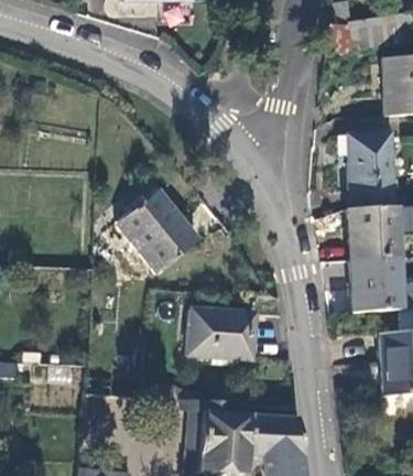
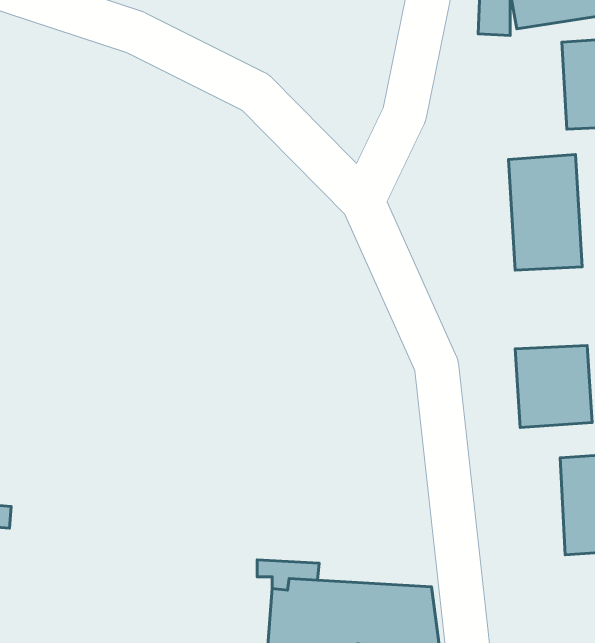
building: [118,190,197,272] -> none
building: [348,206,399,260] -> none
building: [187,307,254,359] -> none

